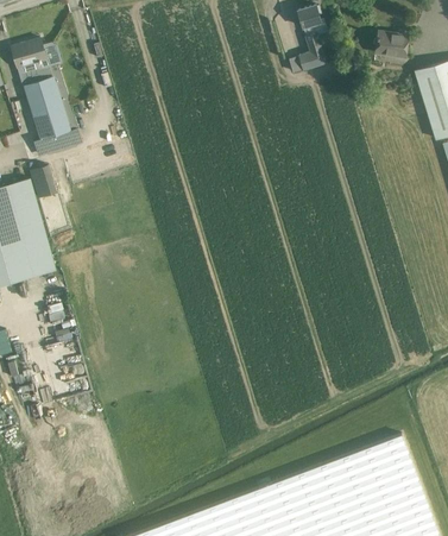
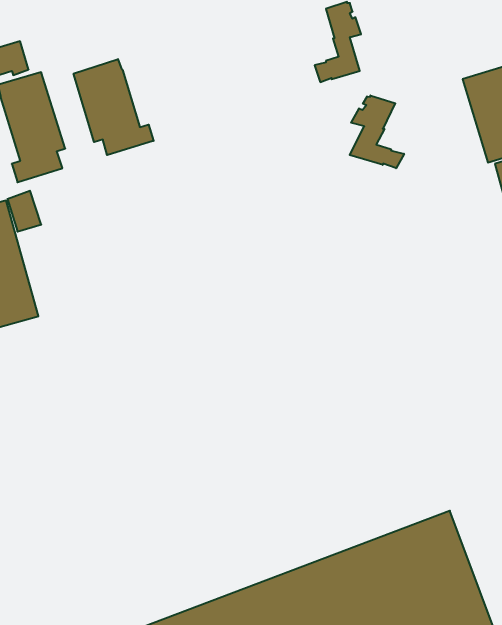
building: [373,32,408,58] -> none
building: none -> [74,59,154,155]
building: none -> [350,95,404,168]

